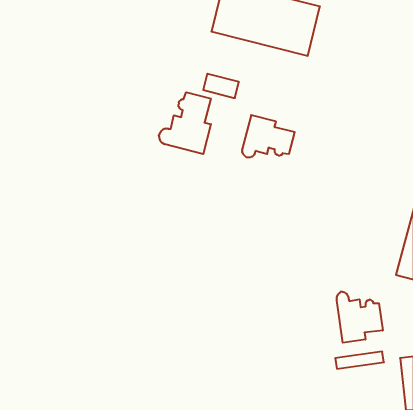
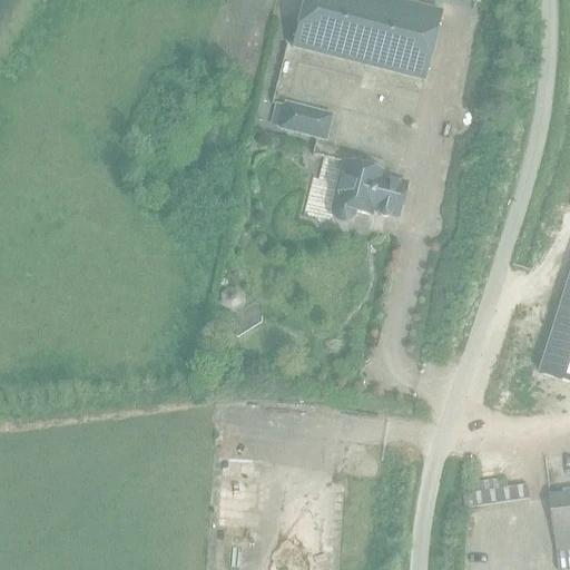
building: [159,92,211,154] -> none
building: [337,291,383,343] -> none

